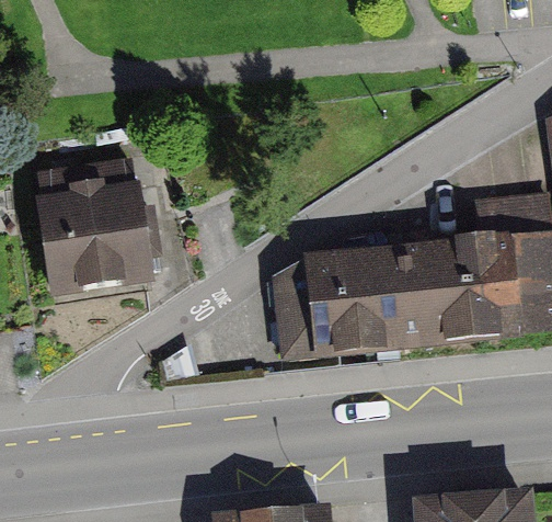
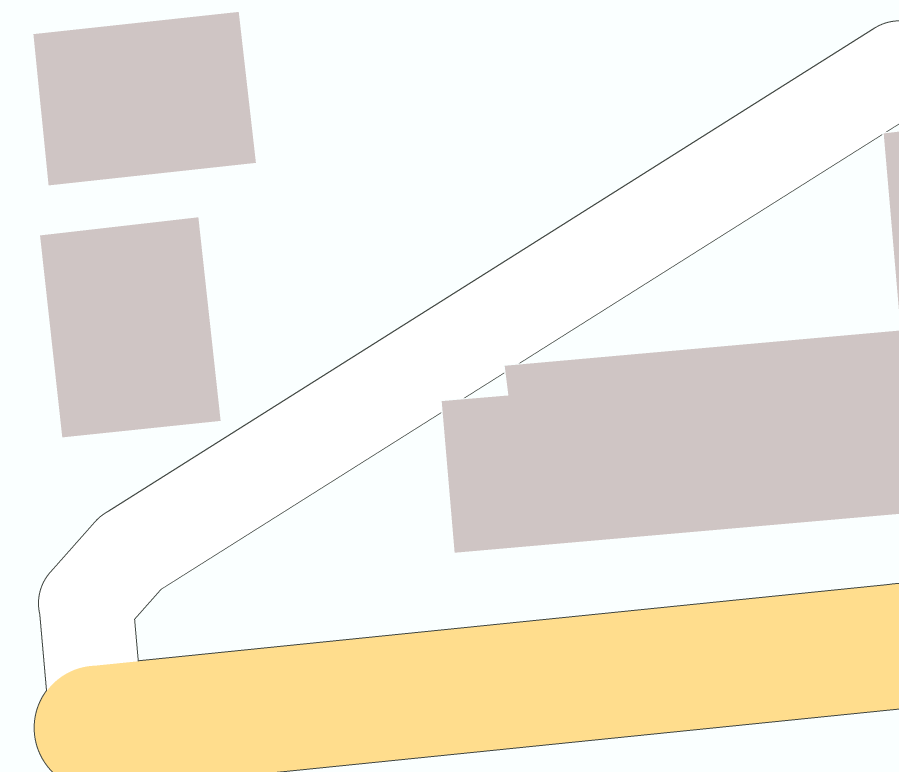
building: none -> [33,11,257,186]

